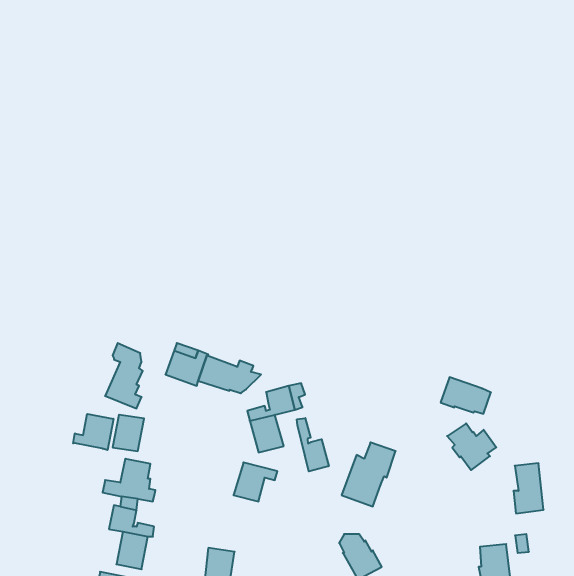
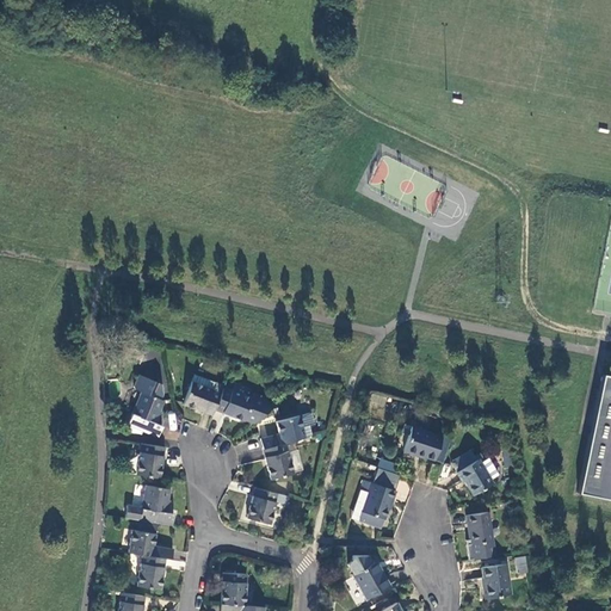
building: [441,377,491,414] -> [401,427,449,462]
building: [73,414,113,450] -> none
building: [297,418,329,471] -> none
building: [513,463,544,513] -> [465,513,494,561]

